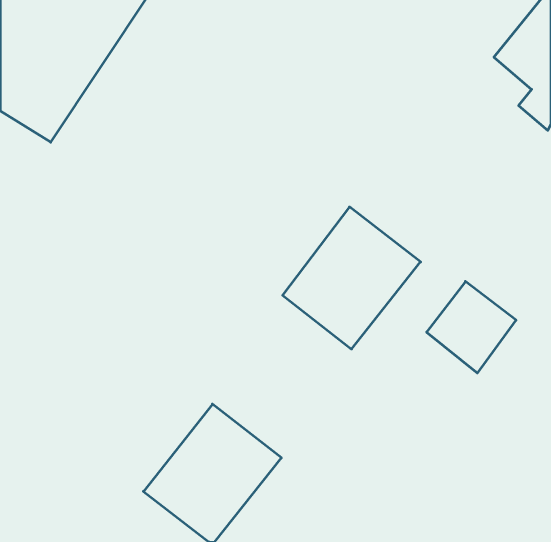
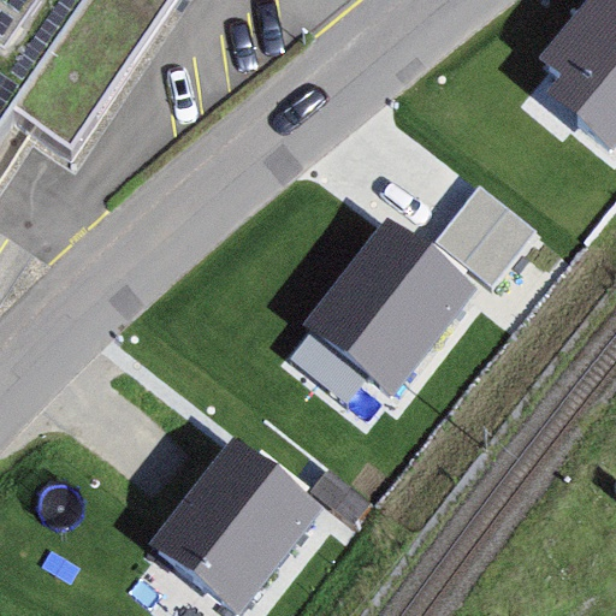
building: [427,281,516,373] -> [437,184,537,286]

